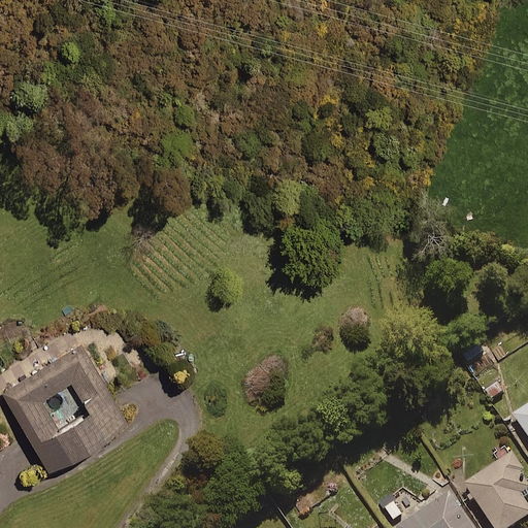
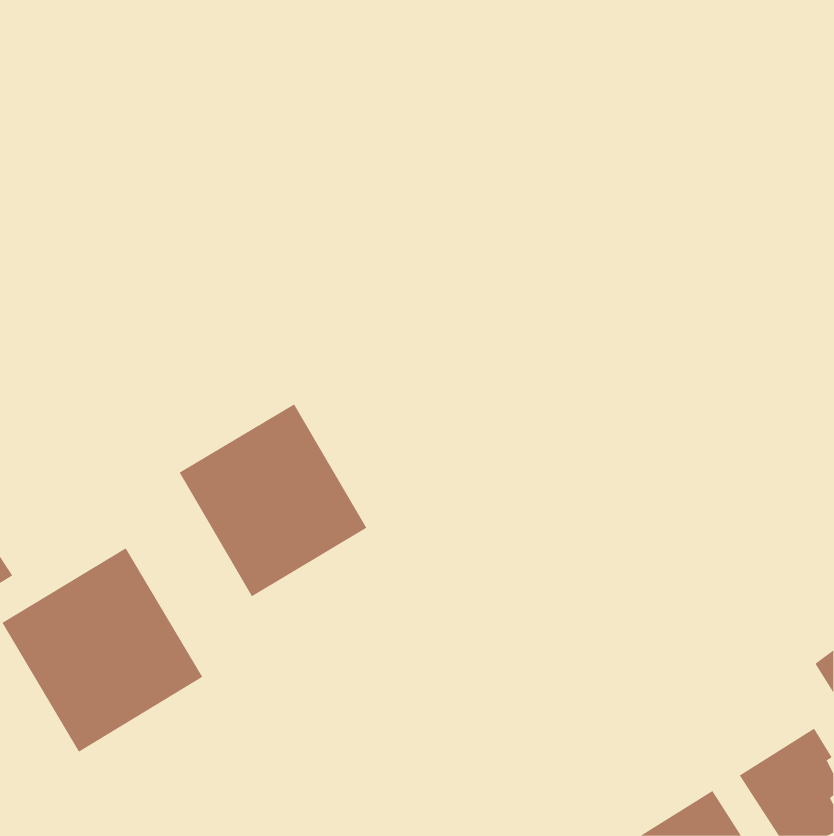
building: none -> [179,403,367,597]

